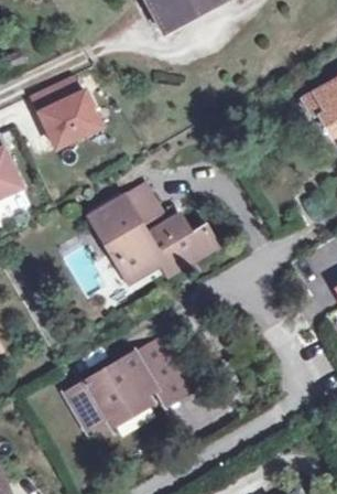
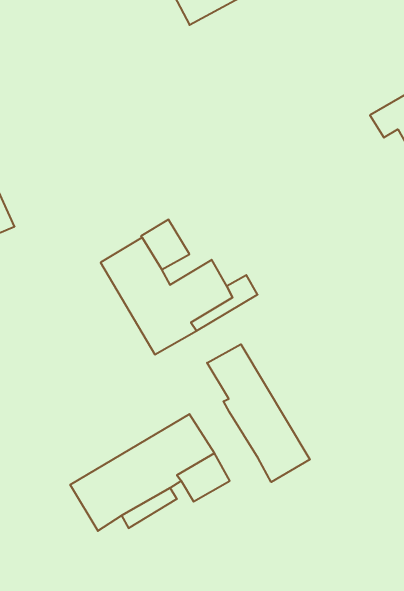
building: [31,75,101,149] -> none
building: none -> [207,344,310,482]

